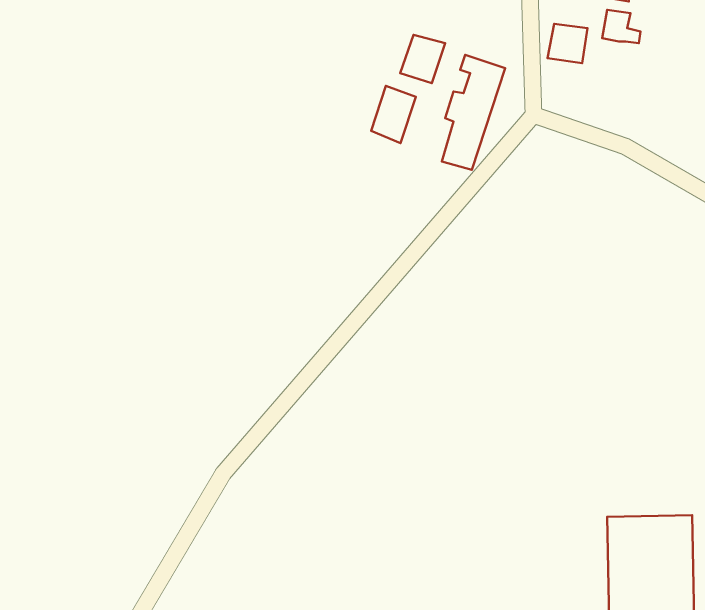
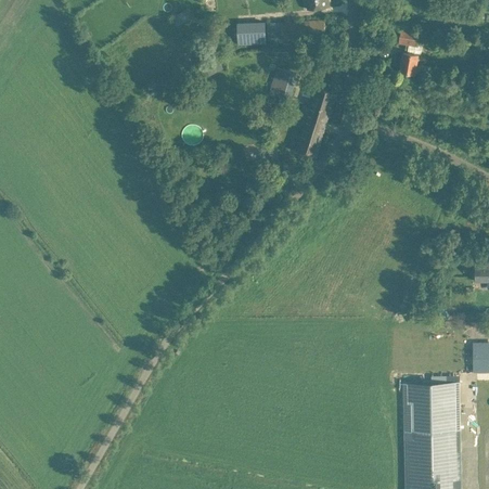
building: [548,24,588,63] -> none
building: [371,86,416,143] -> none

